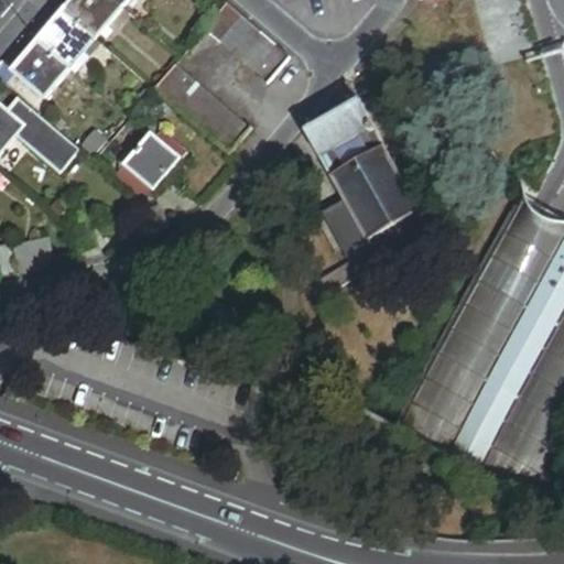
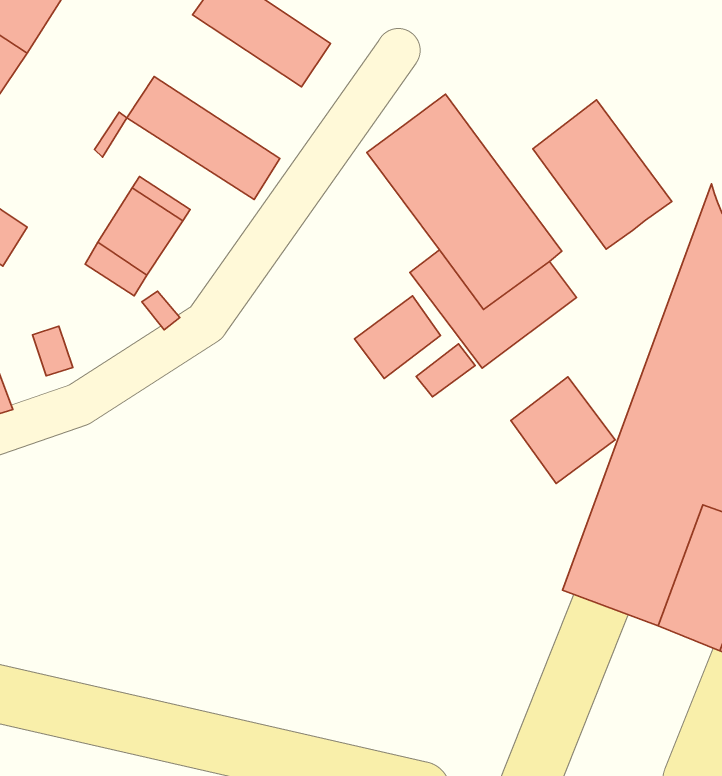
building: none -> [533,100,672,249]
building: none -> [355,296,440,378]
building: none -> [511,377,615,484]

